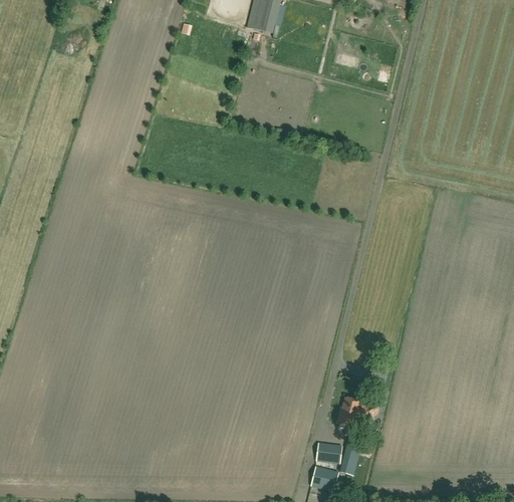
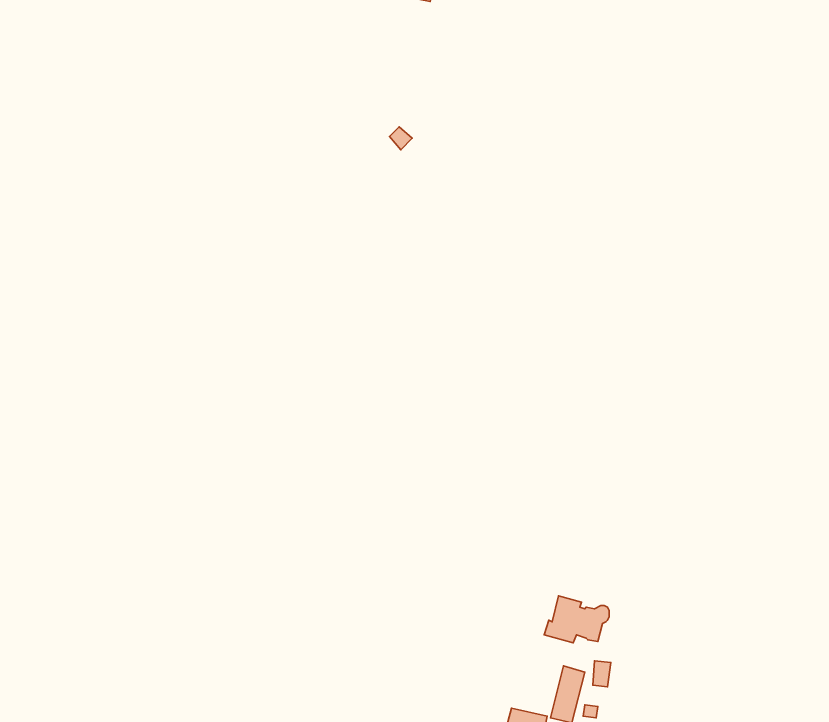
building: [316,442,341,462] -> none

